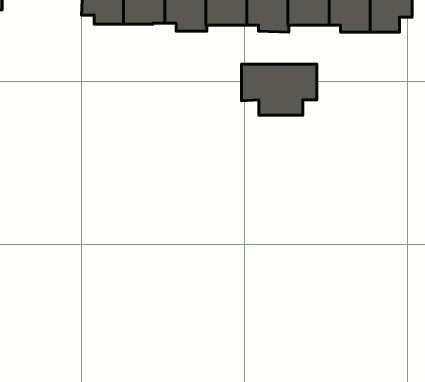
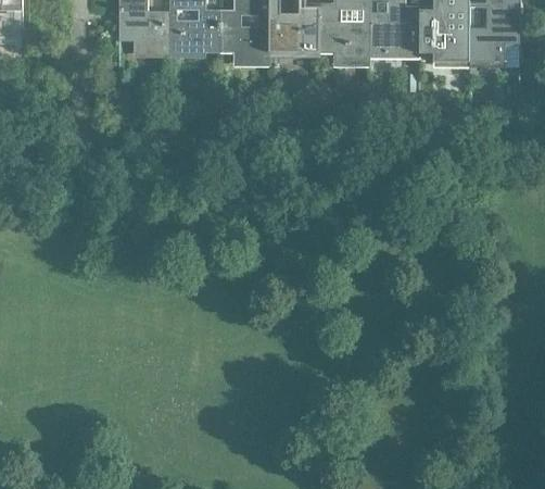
building: [241,64,317,115] -> none

